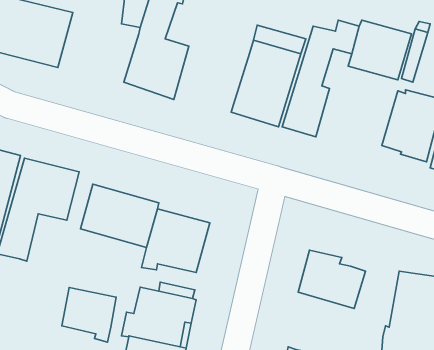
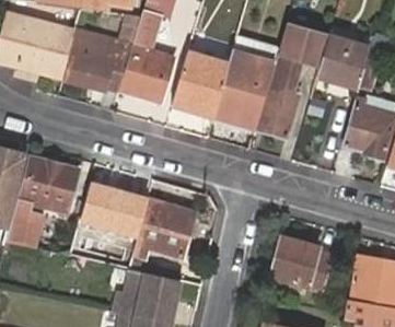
building: none -> [66,33,131,90]
building: none -> [172,51,229,110]
building: [62,287,116,342] -> none

